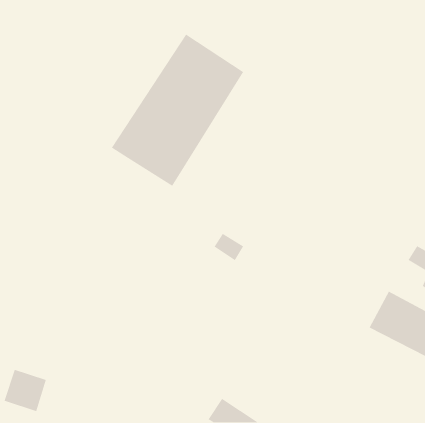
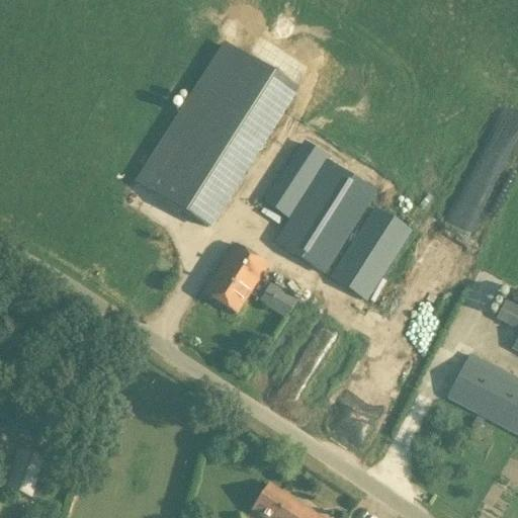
building: none -> [263,140,377,272]
building: none -> [331,206,413,299]
building: none -> [204,244,268,313]

